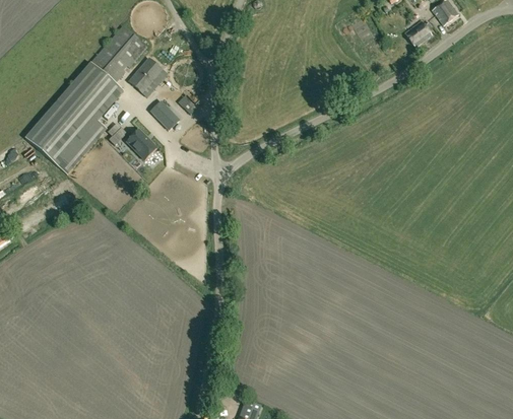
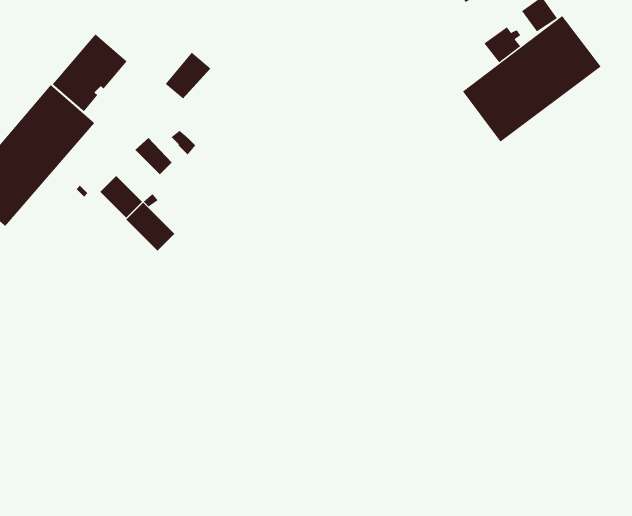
building: none -> [462,15,602,143]
building: [129,58,163,92] -> [165,52,211,99]
building: none -> [126,202,175,251]

